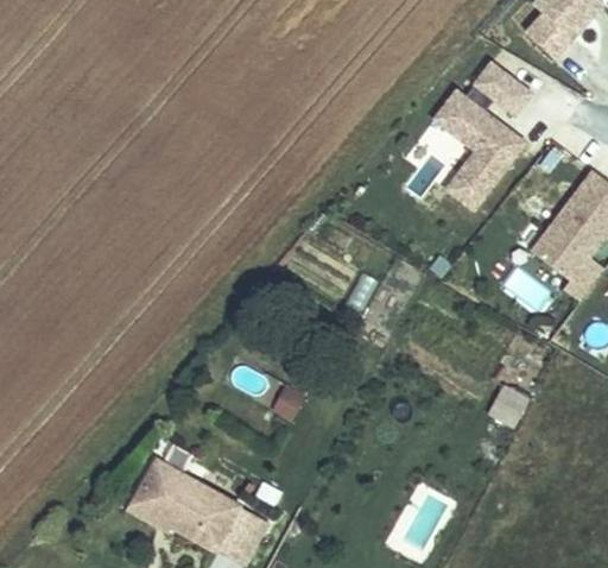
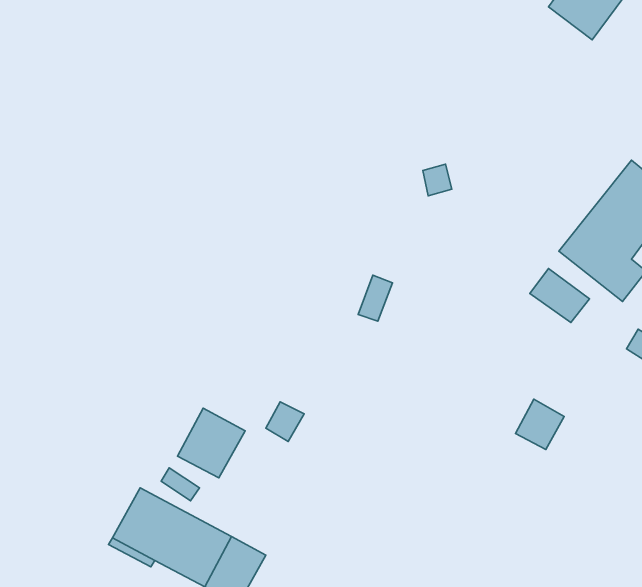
building: [475,56,538,114] -> none
building: [435,86,532,210] -> none
building: none -> [178,408,245,478]

